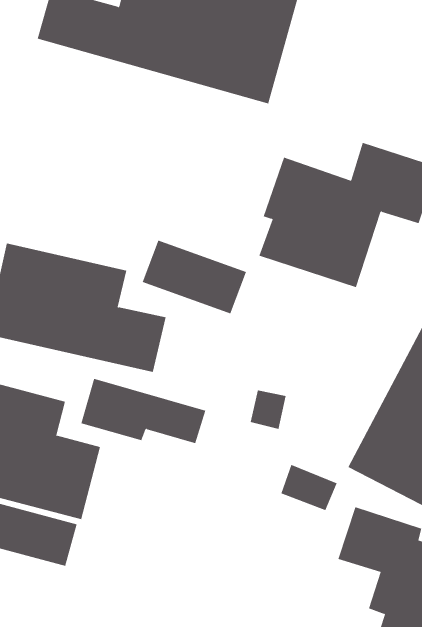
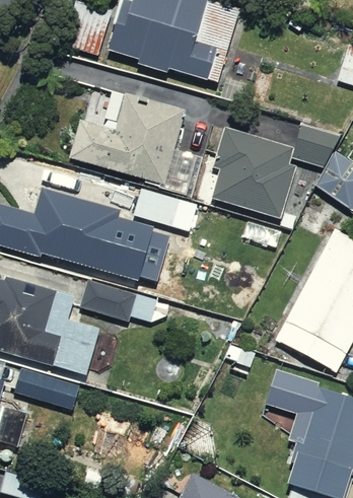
building: none -> [69,95,202,196]

